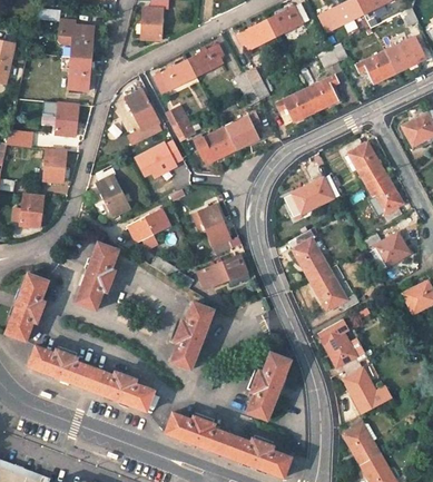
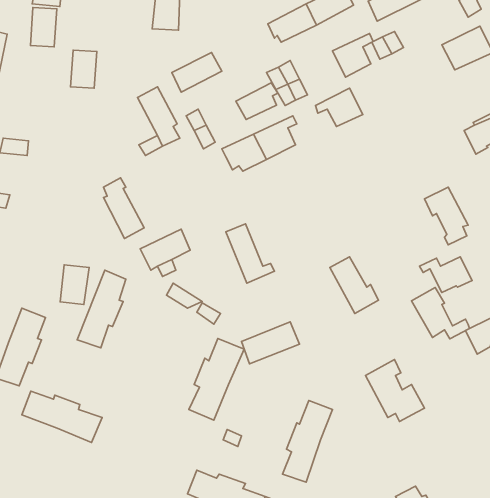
building: [70,24,92,58] -> [30,7,57,47]
building: [187,43,223,75] -> [236,83,278,120]
building: [354,52,393,83] -> none
building: [304,75,338,111] -> [333,34,373,77]
building: [53,102,78,134] -> none
building: [347,137,387,183] -> none
building: [135,139,183,177] -> none
building: [42,149,67,181] -> none
building: [283,175,338,217] -> none
building: [19,194,43,227] -> [60,265,89,304]
building: [198,254,247,289] -> [242,322,300,364]
building: [308,268,357,312] -> [412,288,470,339]
building: [343,363,376,415] -> none
building: [86,367,152,411] -> none

